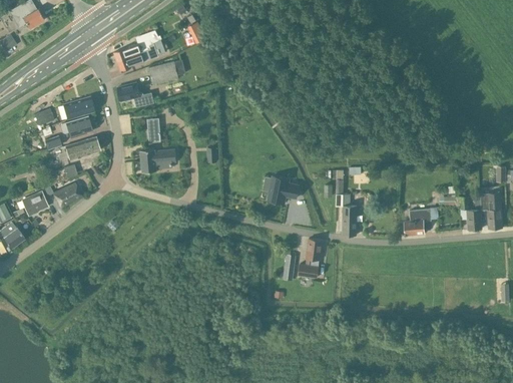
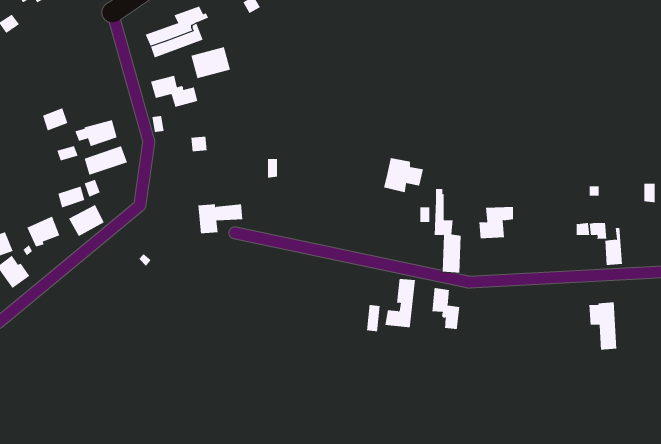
building: [64,97,94,119] -> none
building: [141,149,176,172] -> [198,204,243,234]
building: [268,176,299,204] -> [383,158,424,193]
building: [479,192,501,229] -> [589,302,617,350]
building: [404,210,431,235] -> [479,206,514,239]
building: none -> [432,287,460,330]

